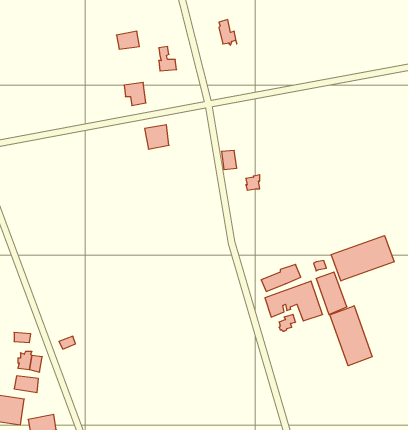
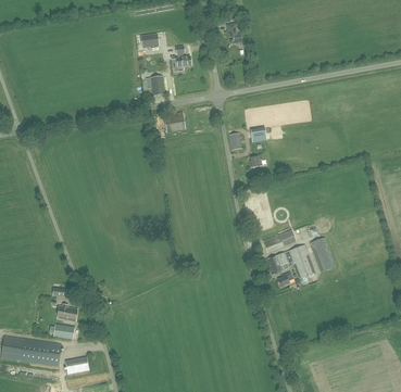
building: [331,236,394,281] -> none
building: [330,306,372,366] -> none

